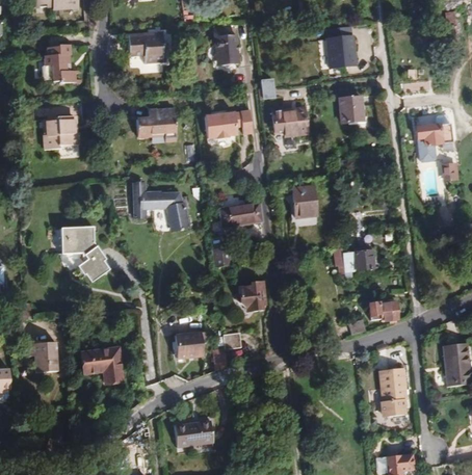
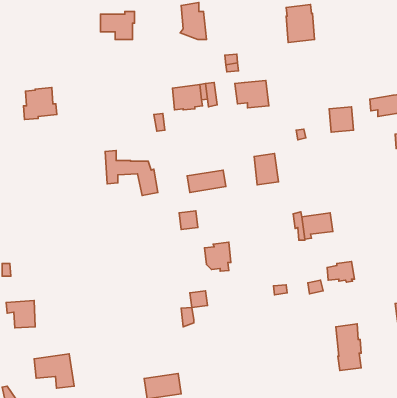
building: [43,44,75,82] -> none
building: [338,96,364,123] -> [329,107,354,132]
building: [135,109,176,141] -> none
building: [60,226,110,282] -> none
building: [174,331,206,359] -> none
building: [81,346,124,382] -> [34,354,74,388]

